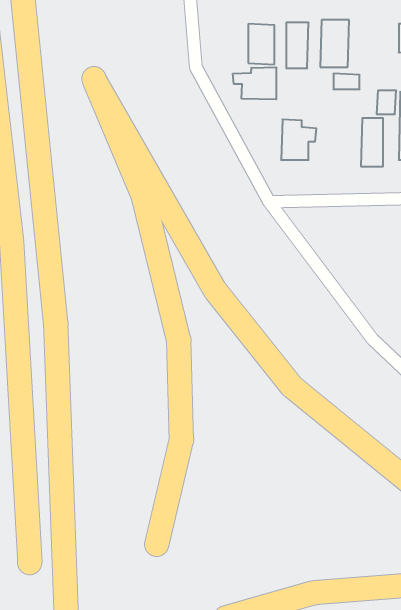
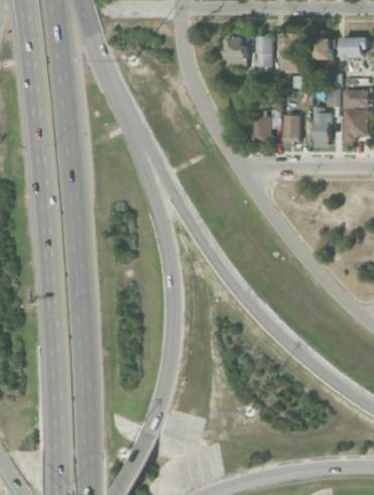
building: none -> [314,37,331,59]
building: [233,67,276,99] -> none
building: none -> [282,114,299,142]

